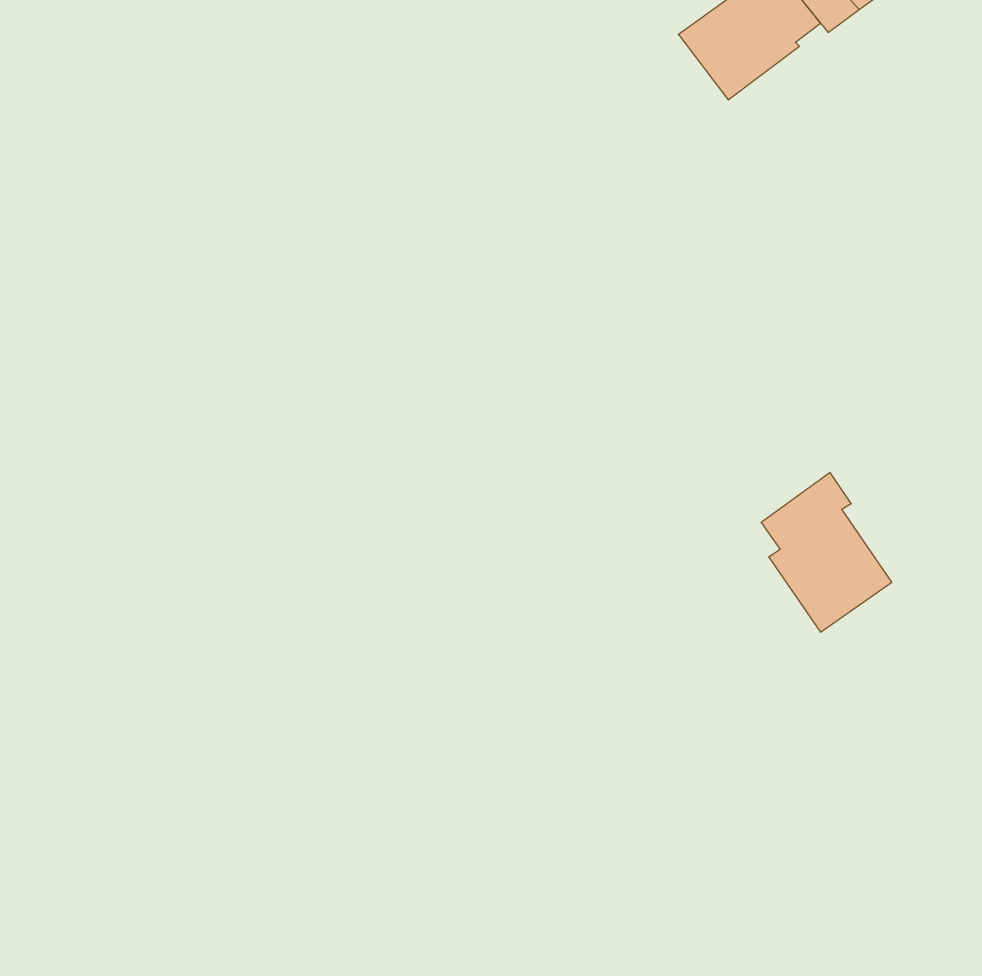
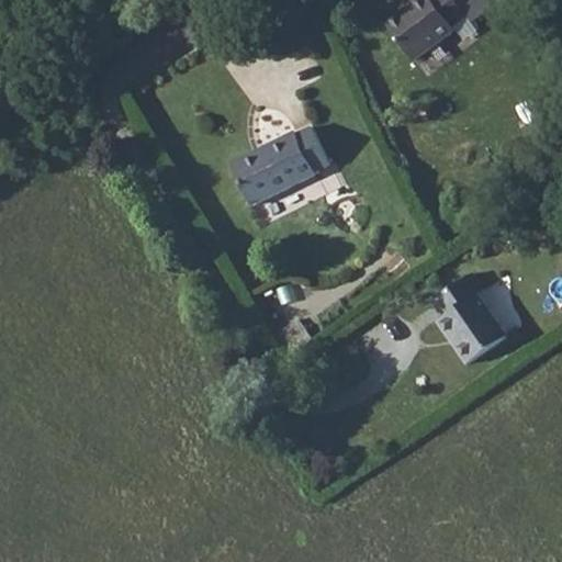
building: none -> [234,124,331,202]

